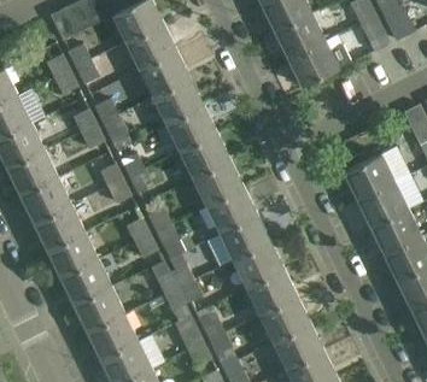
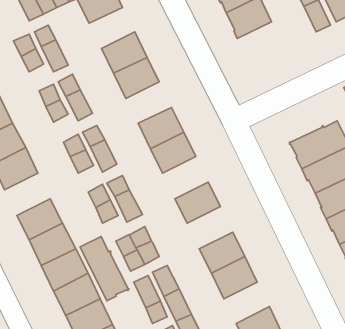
building: [127,25,176,70] -> none
building: [287,35,350,87] -> none
building: [166,106,216,151] -> none
building: [206,187,256,233] -> none
building: [35,205,84,251] -> none
building: [233,241,282,287] -> none
building: none -> [80,237,129,301]
building: [273,323,322,368] -> none

